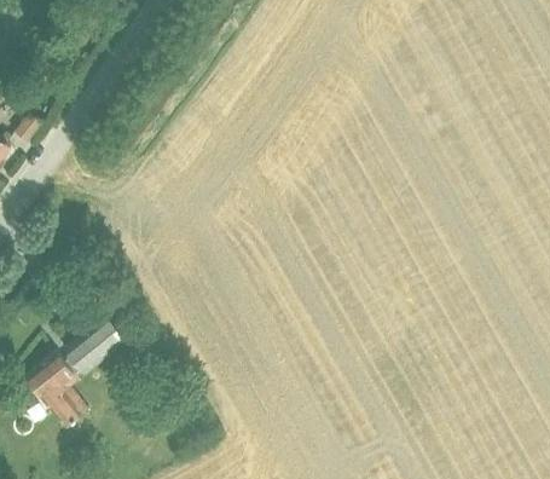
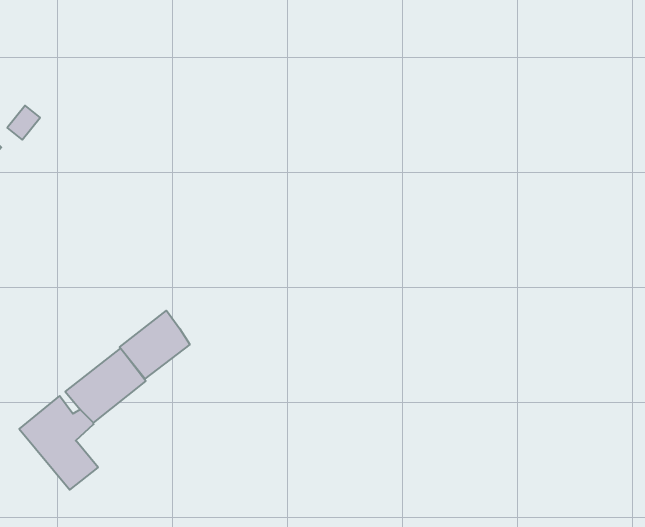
building: none -> [120,311,190,379]

